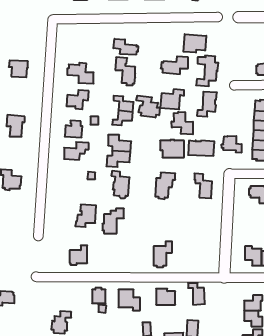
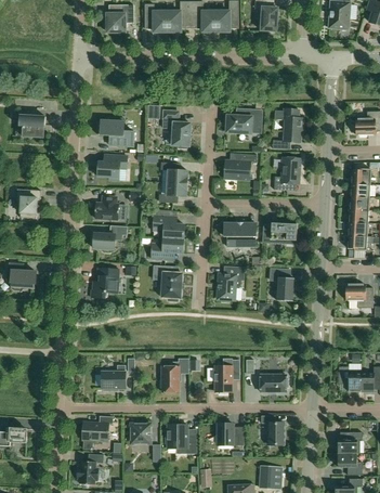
building: [183,34,206,53] -> none
building: [113,39,138,55] -> none
building: [136,96,160,118] -> none
building: [172,112,193,134] -> none
building: [222,136,242,153] -> none
building: [75,205,96,227] -> [90,268,118,298]
building: [102,209,124,233] -> [159,359,188,392]
building: none -> [260,375,288,392]
building: none -> [81,416,113,441]

